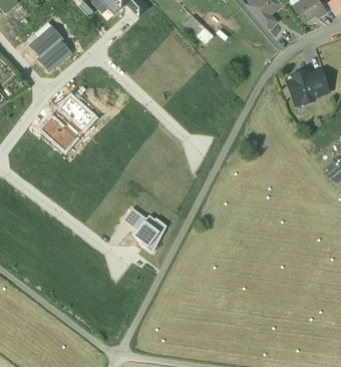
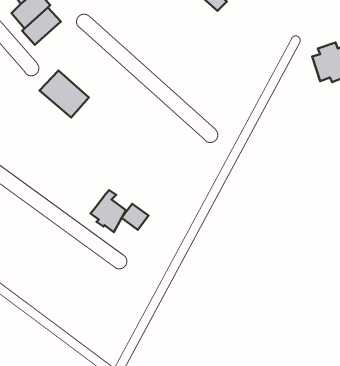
building: [38,110,80,151] -> none
building: [133,215,163,251] -> [91,190,126,232]

